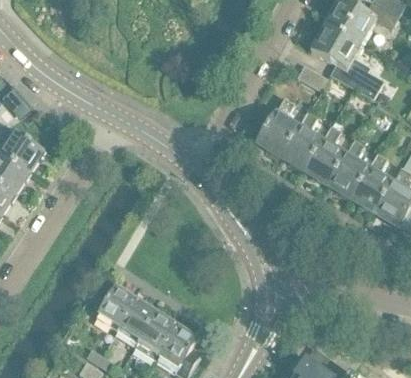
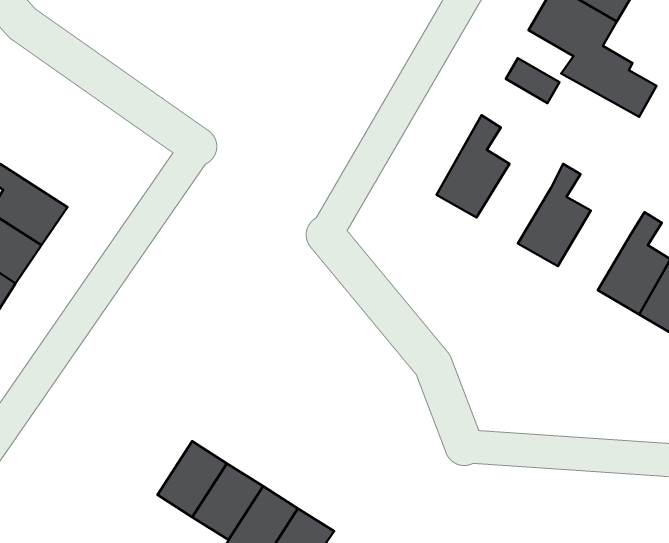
building: [280,110,323,170] -> none
building: [327,138,369,197] -> none

